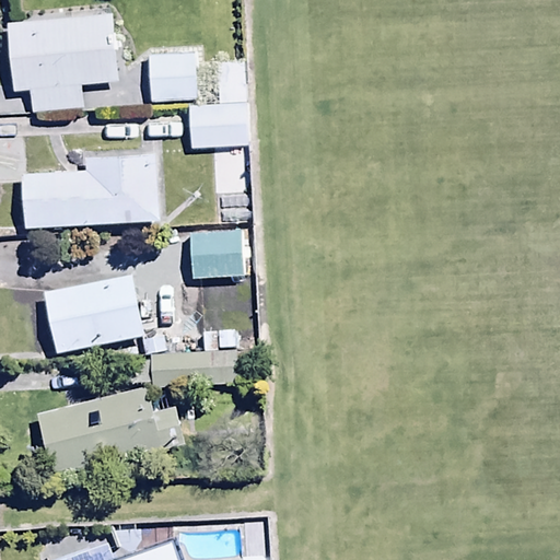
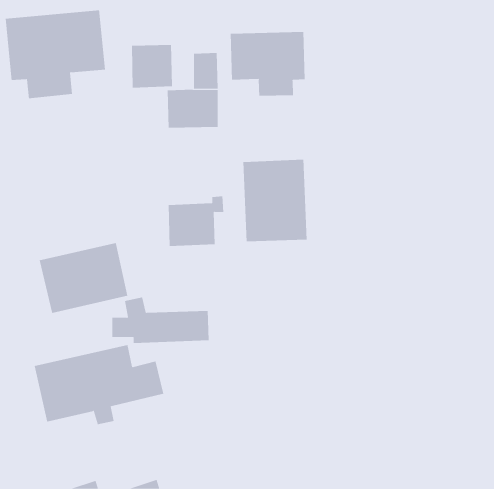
building: none -> [230,31,305,96]
building: [23,152,156,225] -> none
building: none -> [243,159,307,242]

